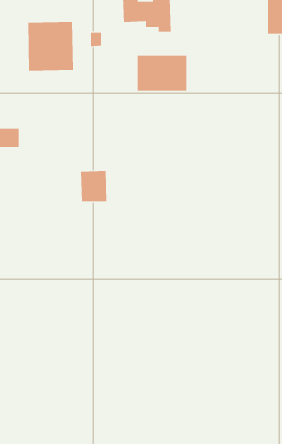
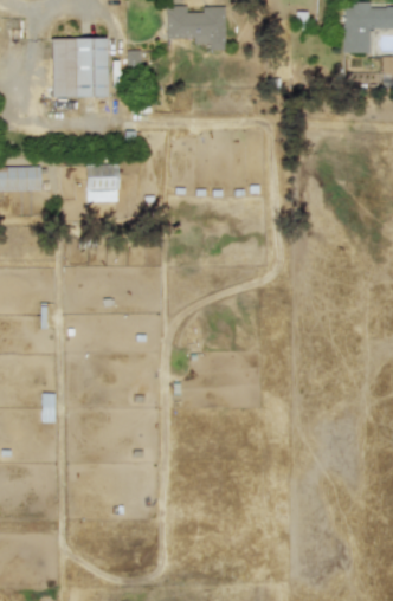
building: [137,55,187,91] -> none
building: [80,171,107,202] -> [88,164,121,202]

